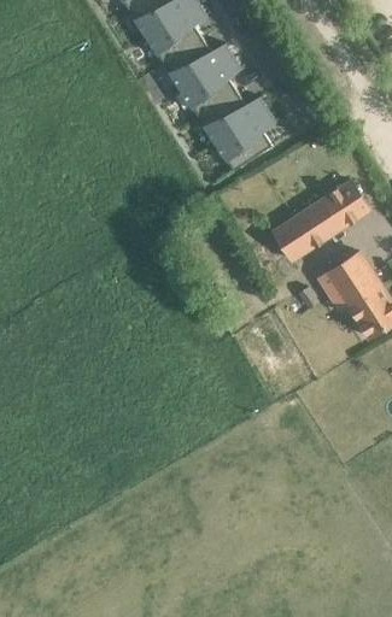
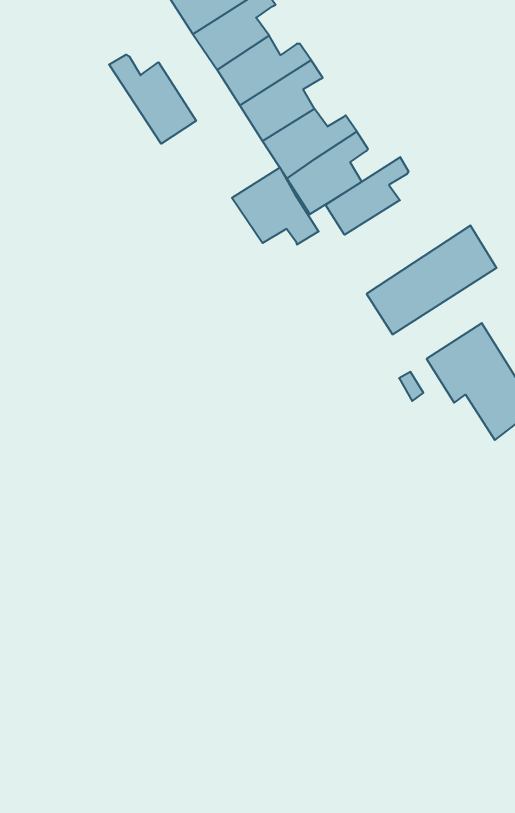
building: none -> [109,55,196,144]
building: none -> [325,157,408,235]
building: none -> [232,167,319,245]

